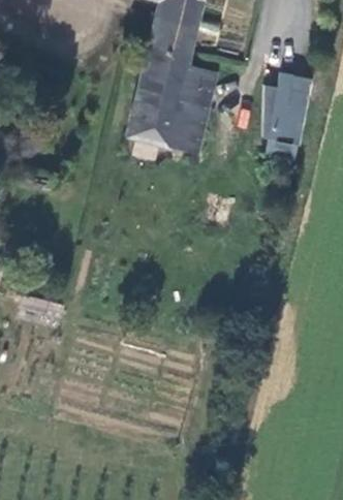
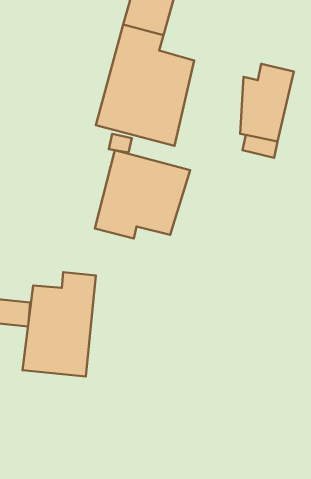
building: none -> [95,150,190,238]
building: none -> [22,272,96,377]

